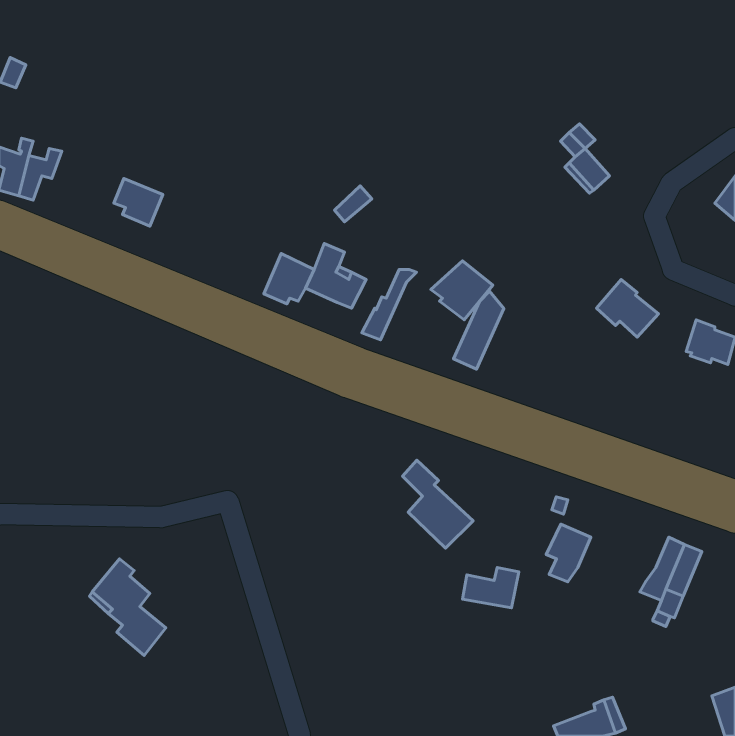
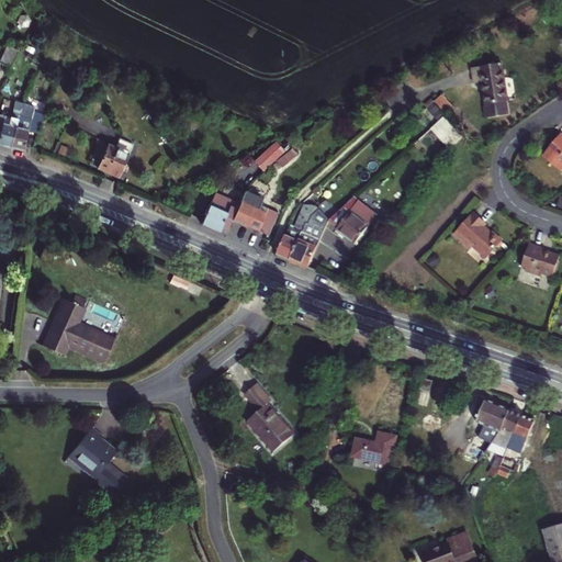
building: none -> [472,64,508,117]
building: [453,291,504,369] -> [290,207,328,267]
building: none -> [43,294,113,361]
building: [402,460,473,548] -> [239,382,293,449]
building: [546,524,591,582] -> [475,400,509,443]

